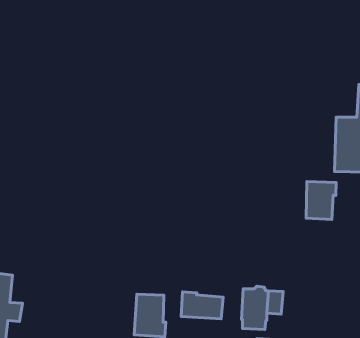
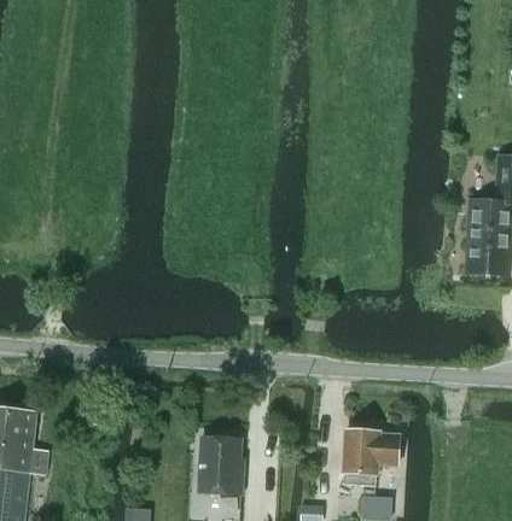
building: [306,181,336,220] -> none
building: [181,292,223,319] -> none

